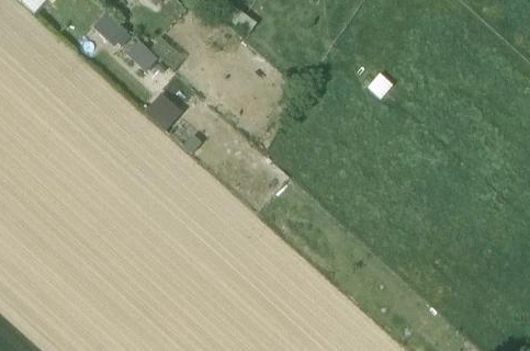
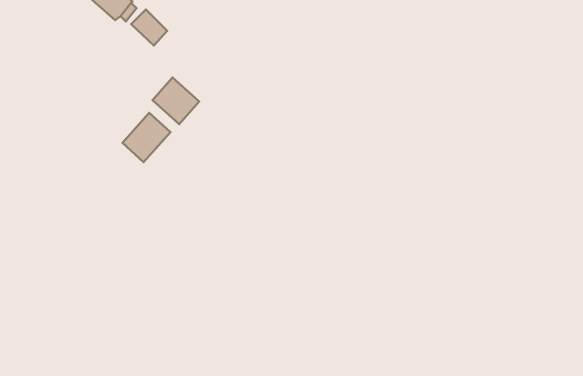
building: none -> [122,113,170,162]

